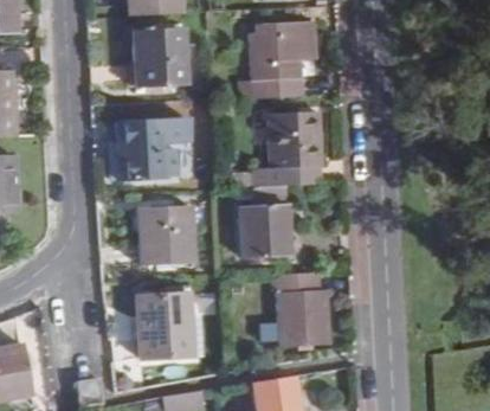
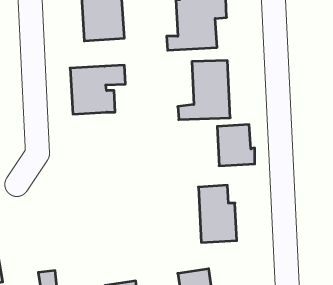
building: [240,205,288,257] -> [217,125,255,166]
building: [138,206,192,264] -> none
building: [137,295,191,357] -> none

